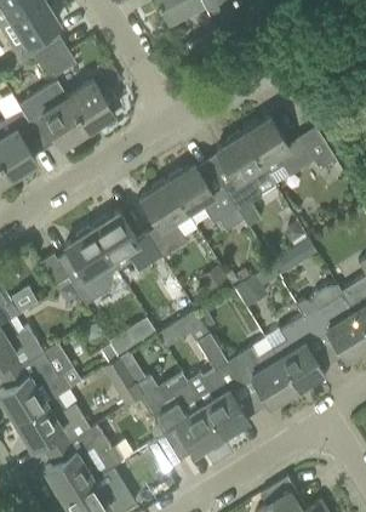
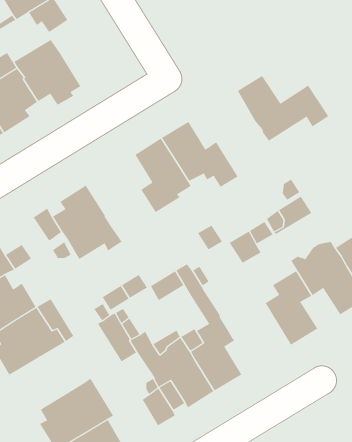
building: [68,83,119,130] -> none
building: [217,135,269,228] -> none
building: [92,214,161,272] -> none
building: [227,347,297,406] -> none
building: [15,396,90,455] -> none

